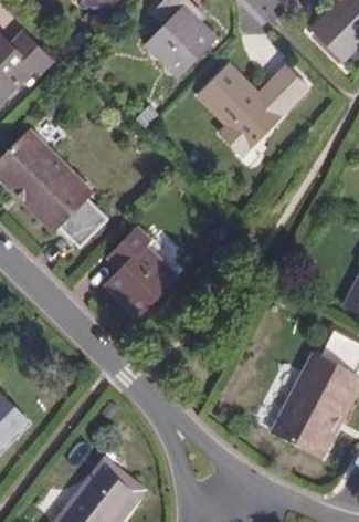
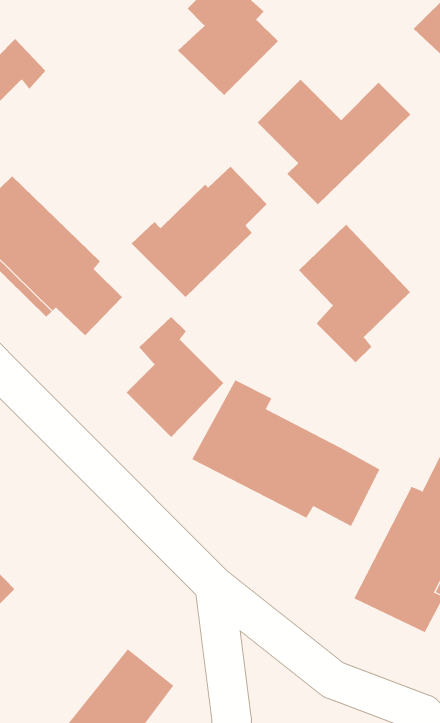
building: none -> [131,166,267,298]
building: none -> [298,224,411,363]
building: none -> [192,380,380,527]

